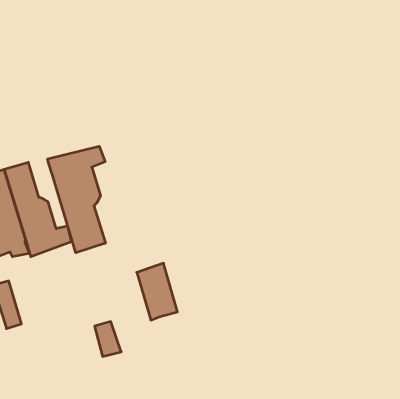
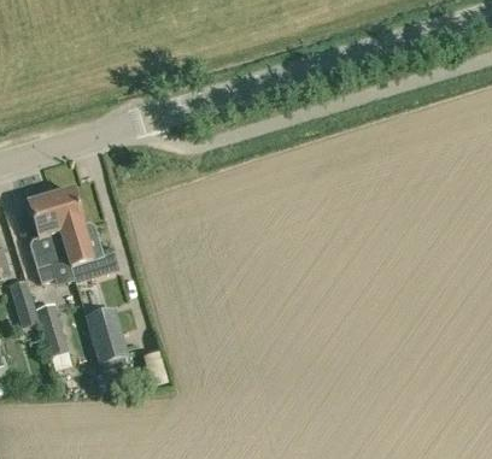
building: [48,146,105,253] -> none
building: [137,263,177,320] -> [84,304,127,363]

